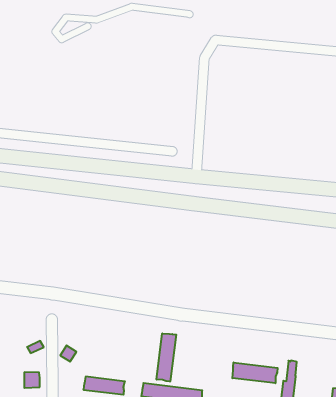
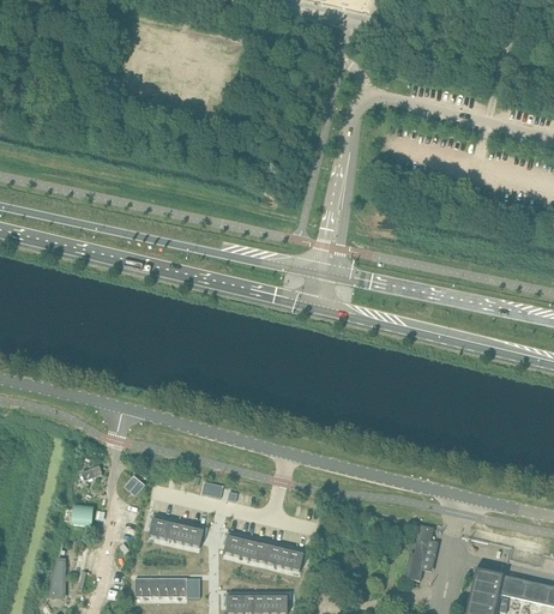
building: [157,333,176,382] -> none
building: [232,362,278,383] -> none

